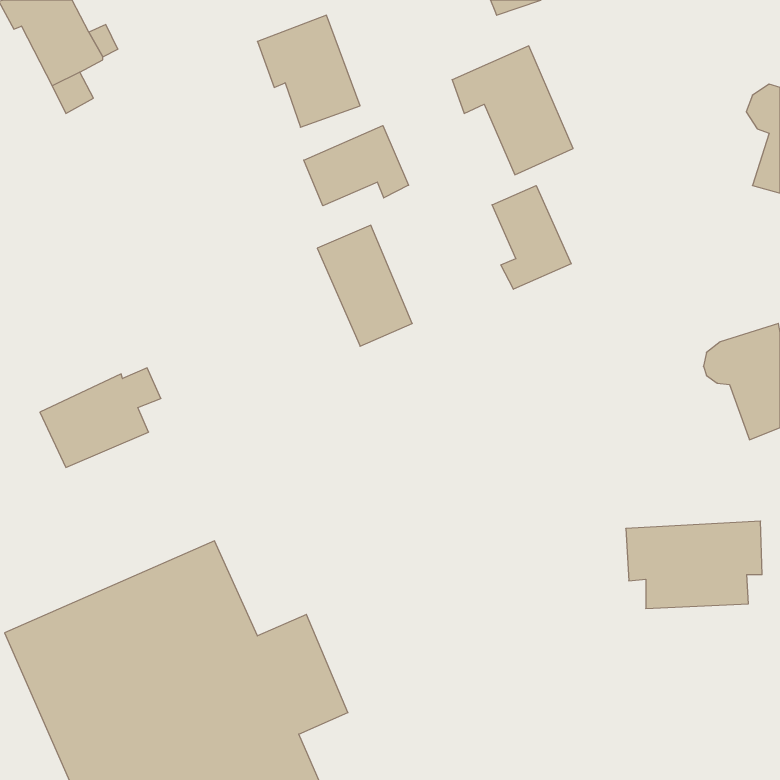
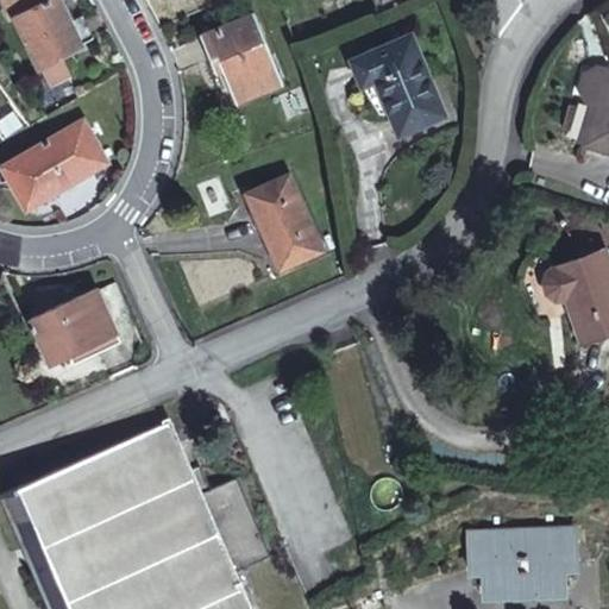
building: [304,126,409,206] -> none
building: none -> [10,121,106,205]
building: [492,186,571,289] -> none
building: [626,521,762,608] -> [466,529,572,597]

